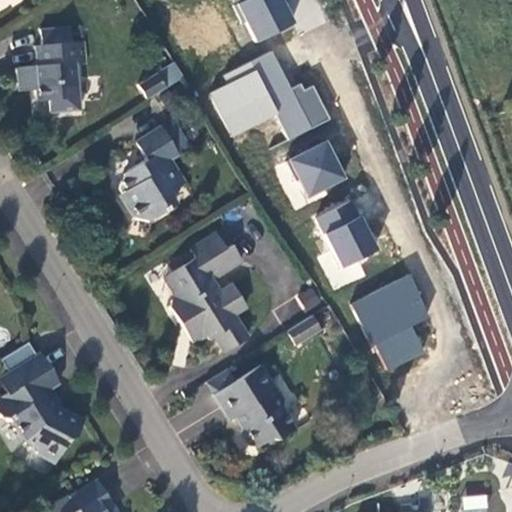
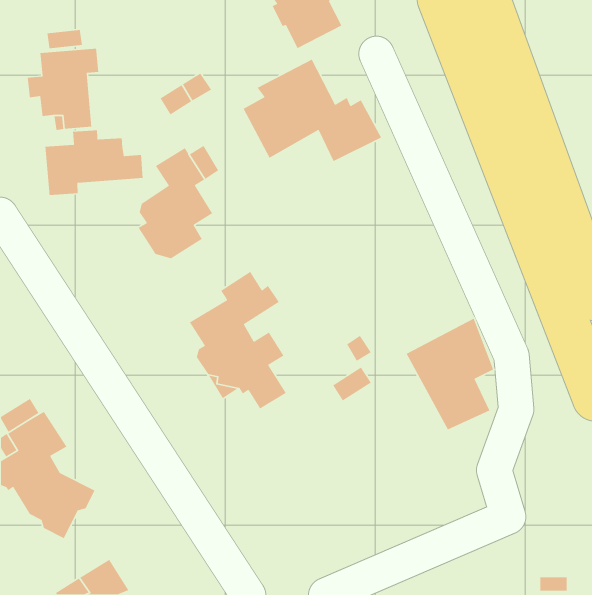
building: none -> [45,130,144,196]
building: [288,139,345,197] -> none
building: [316,200,377,268] -> none
building: [215,364,297,449] -> none

